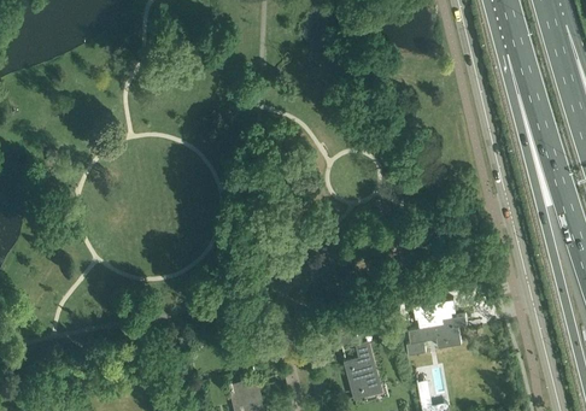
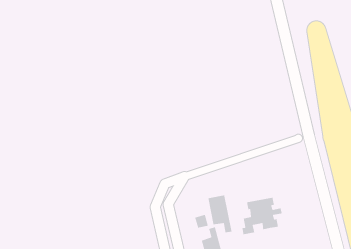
building: none -> [208,194,232,233]

